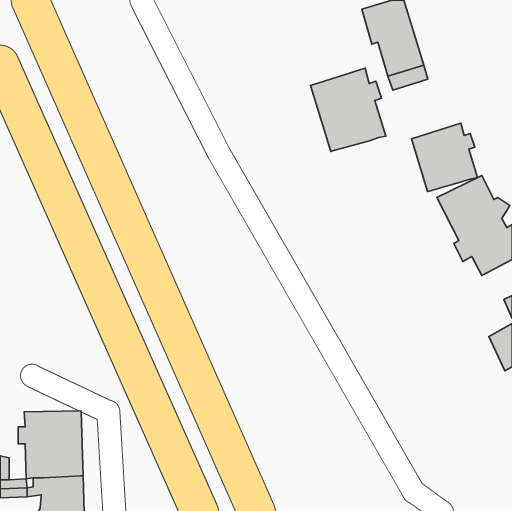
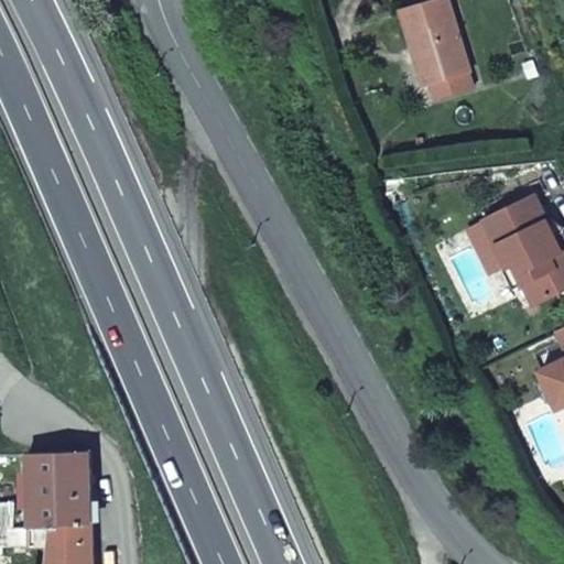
building: [311,68,386,152] -> none
building: [411,123,478,192] -> none

